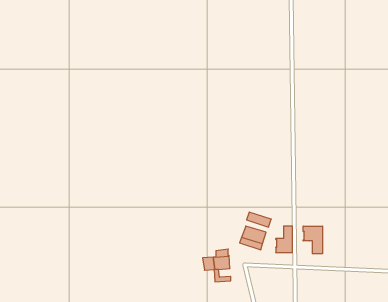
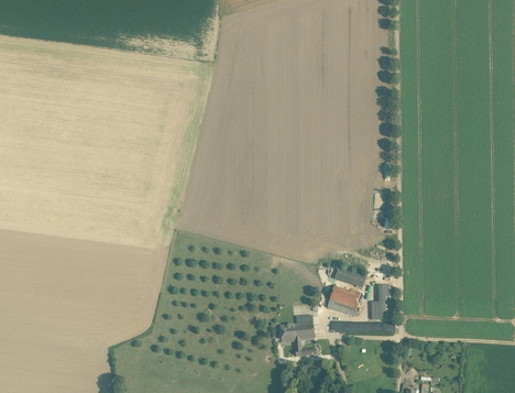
building: [303,226,322,254] -> none

